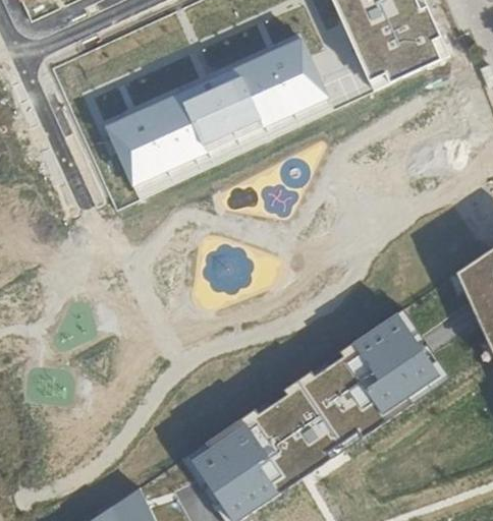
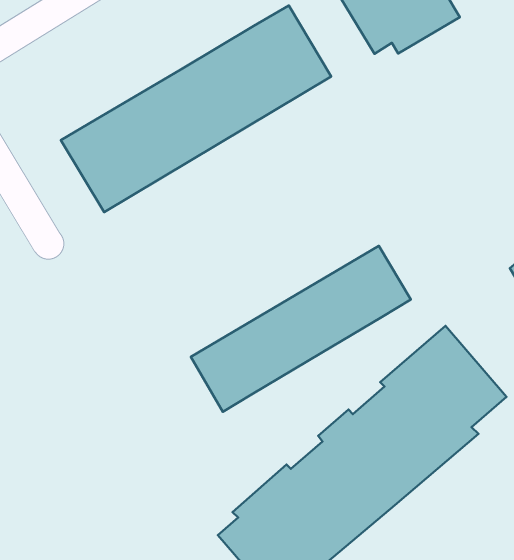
building: none -> [191,246,411,412]

